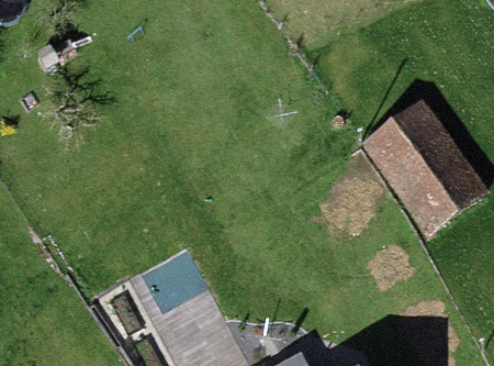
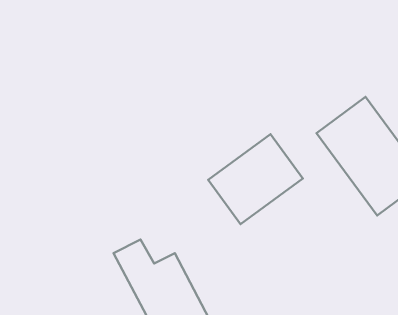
building: none -> [208,134,303,224]

